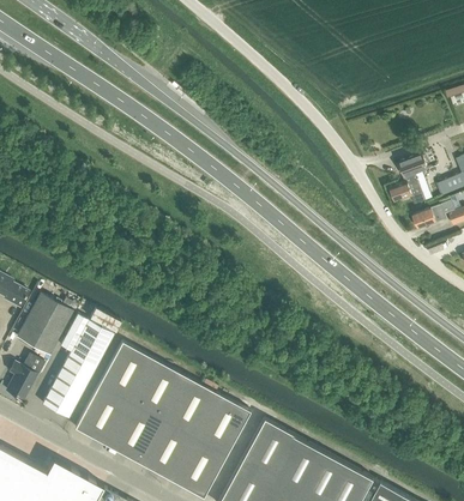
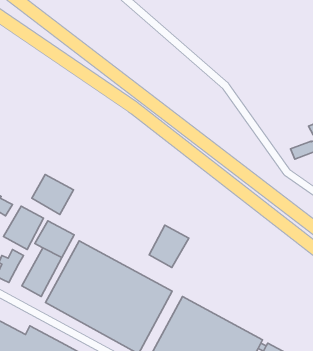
building: [388,153,432,205] -> none
building: none -> [32,175,74,215]
building: none -> [149,225,189,268]

